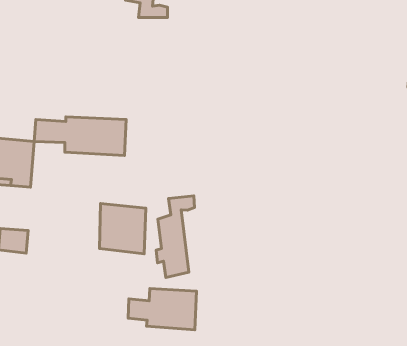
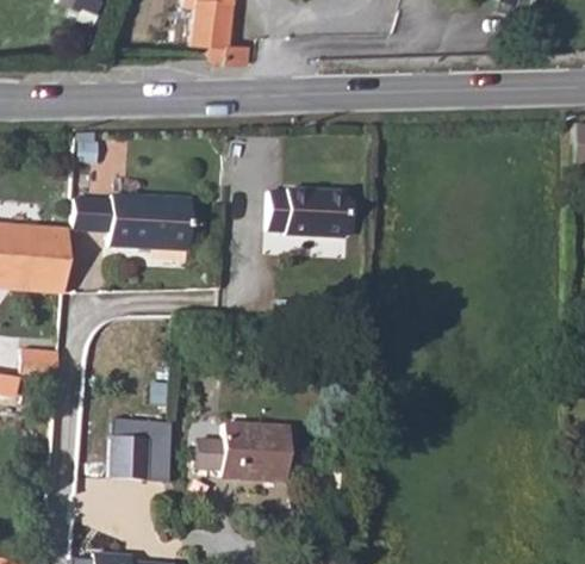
building: none -> [273,186,348,231]
building: [156,196,194,278] -> none
building: [99,204,146,254] -> [108,416,172,484]

